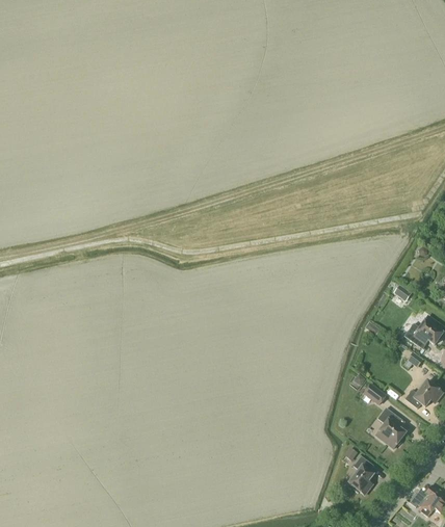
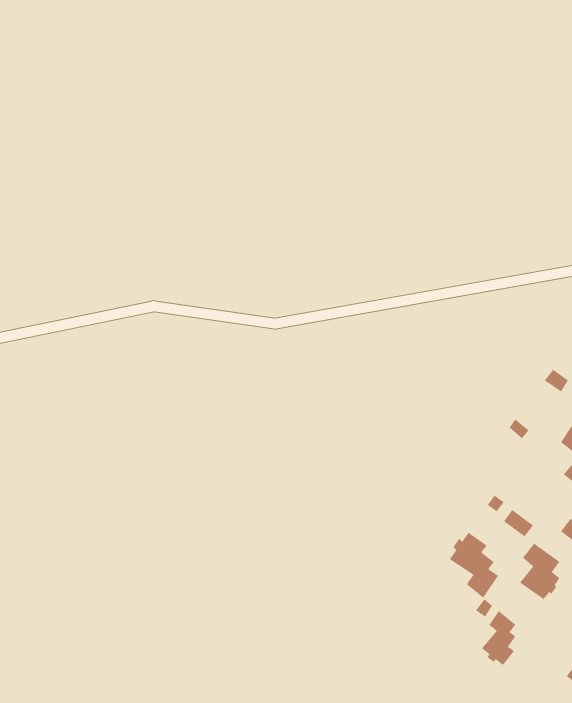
building: none -> [449,532,499,598]

